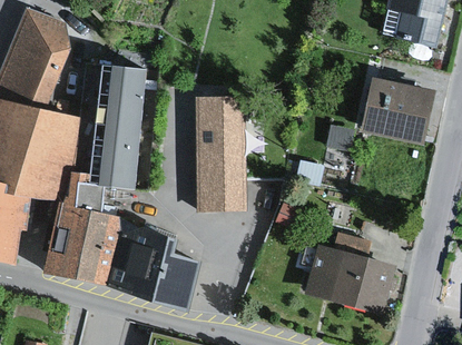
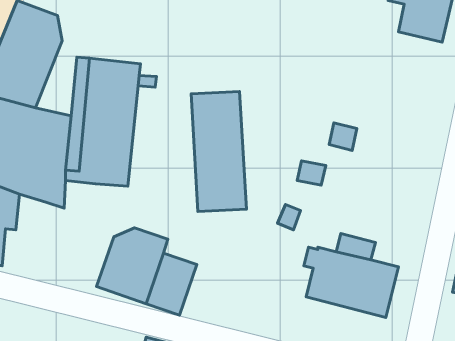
building: [358,77,431,144] -> none
building: [39,180,119,283] -> none

